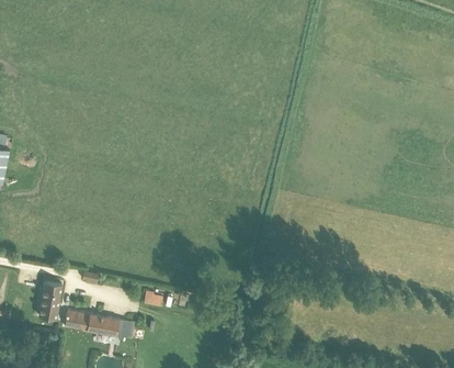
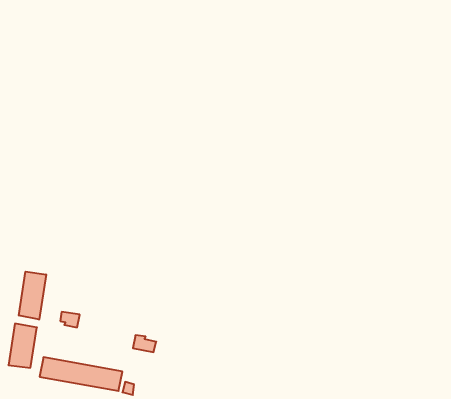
building: none -> [19,272,46,320]

